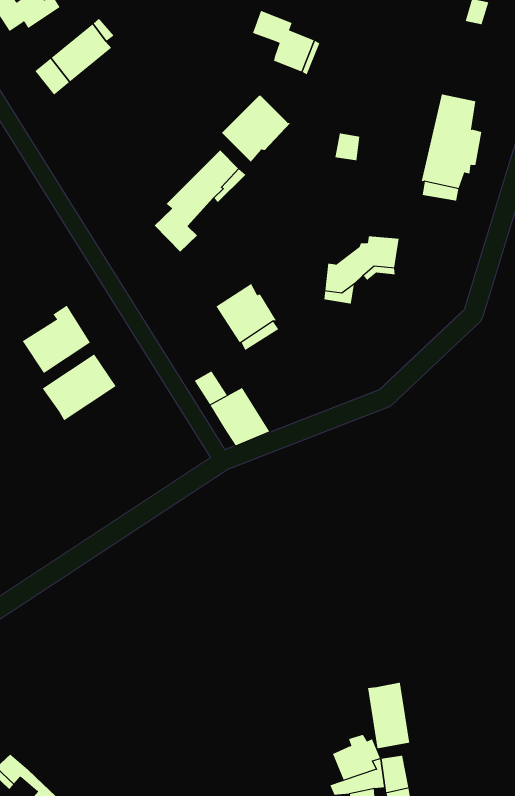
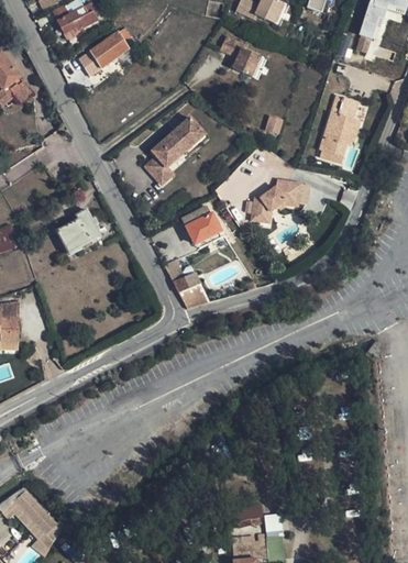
building: [221,95,291,162] -> none
building: [42,353,117,421] -> none
building: [367,682,410,749] -> none

